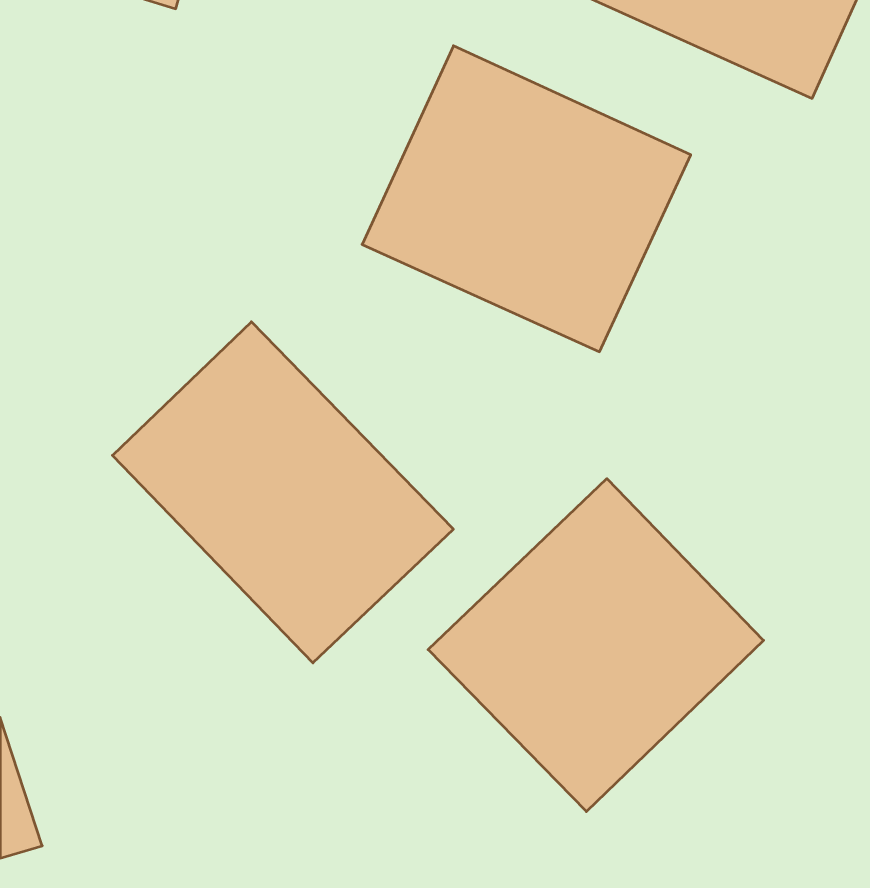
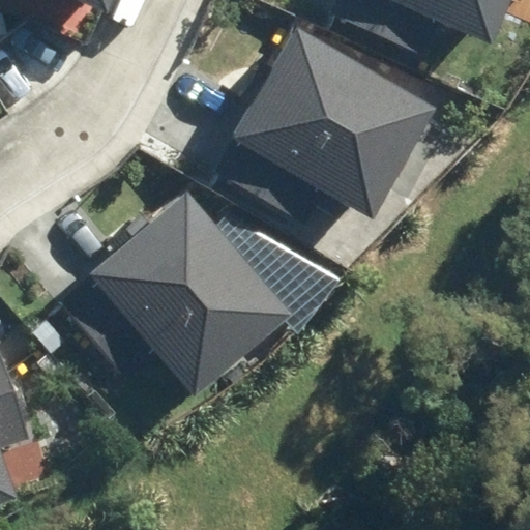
building: [428,479,764,812] -> none

